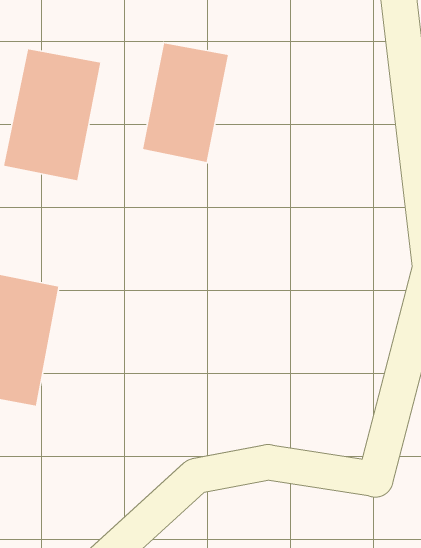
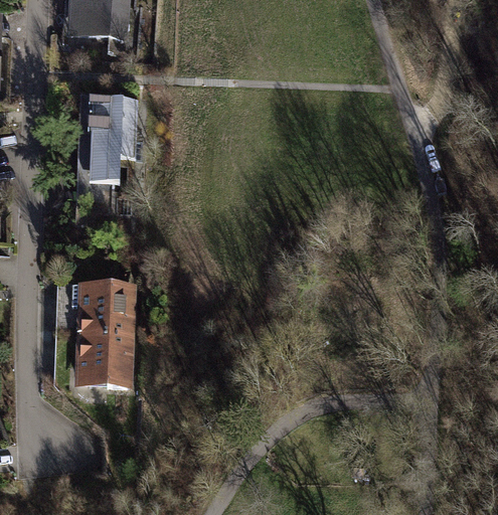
building: [142,42,229,163] -> none

